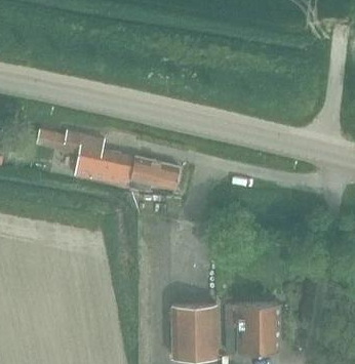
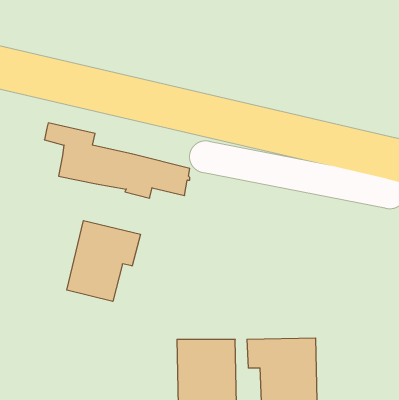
building: none -> [67,221,140,301]

